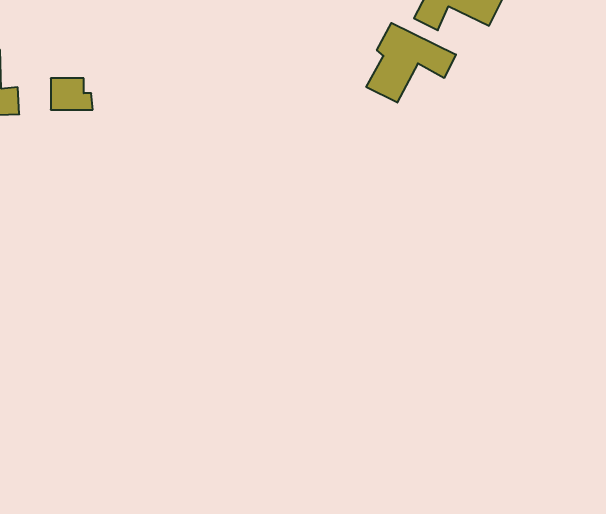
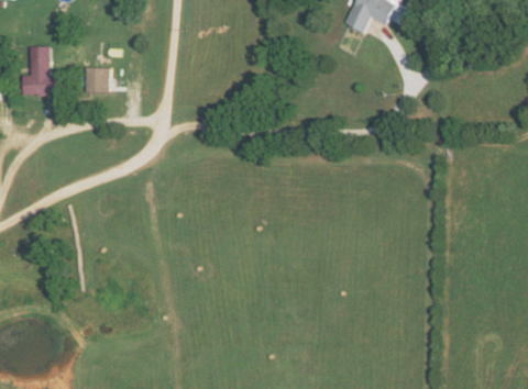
building: [366,23,456,103] -> none

